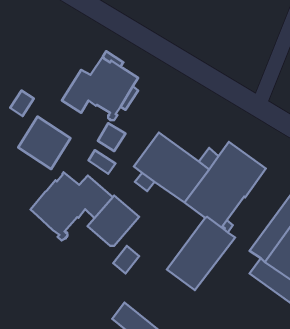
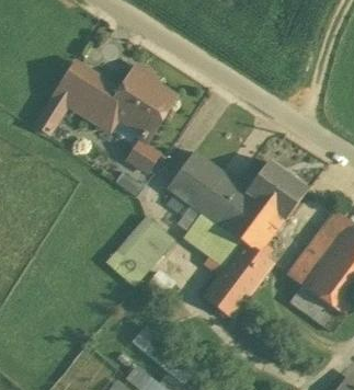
building: [18,117,71,169] -> [55,60,111,116]
building: [30,172,113,240] -> none

